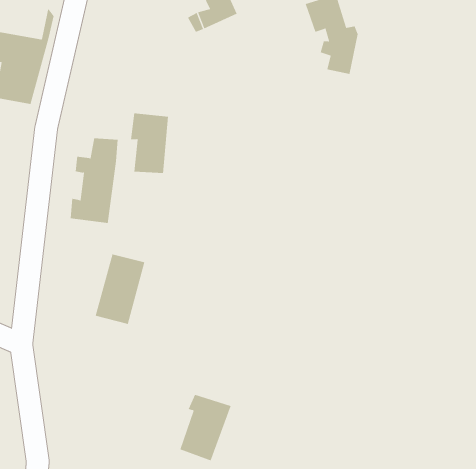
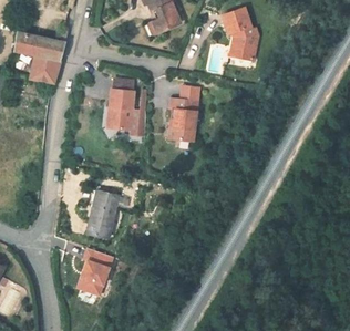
building: [70,138,119,223] -> [165,84,197,141]
building: [179,394,231,461] -> [76,246,111,290]

